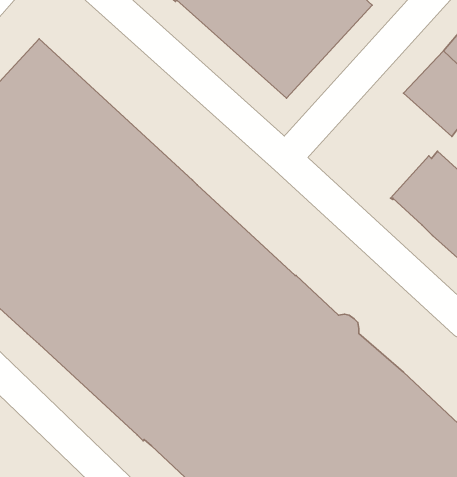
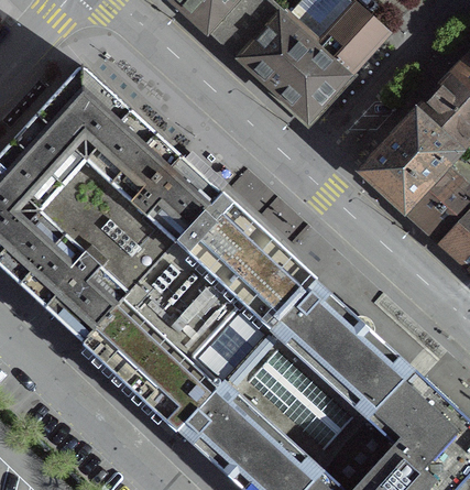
building: none -> [361,112,459,208]

